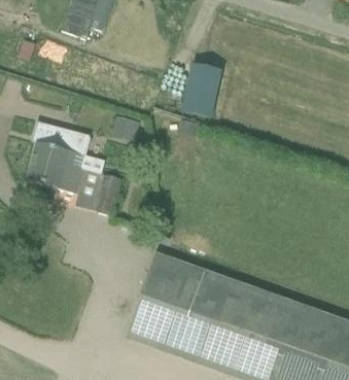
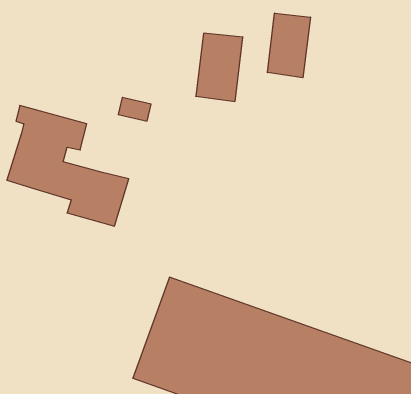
building: none -> [267,13,310,78]

